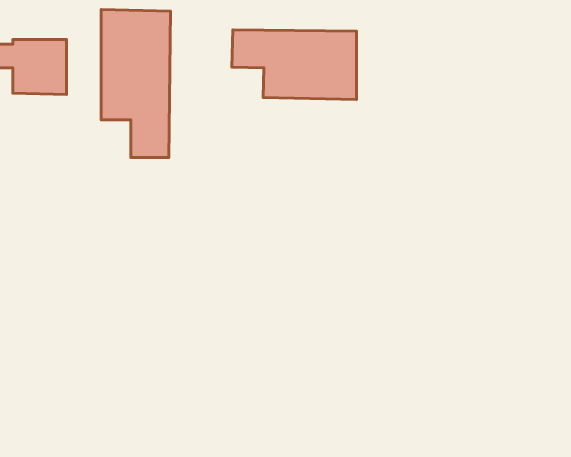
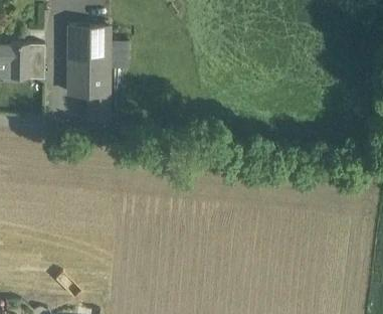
building: [232,30,356,100] -> none

